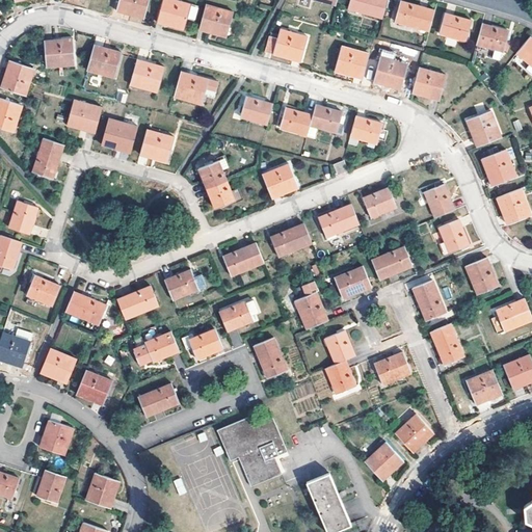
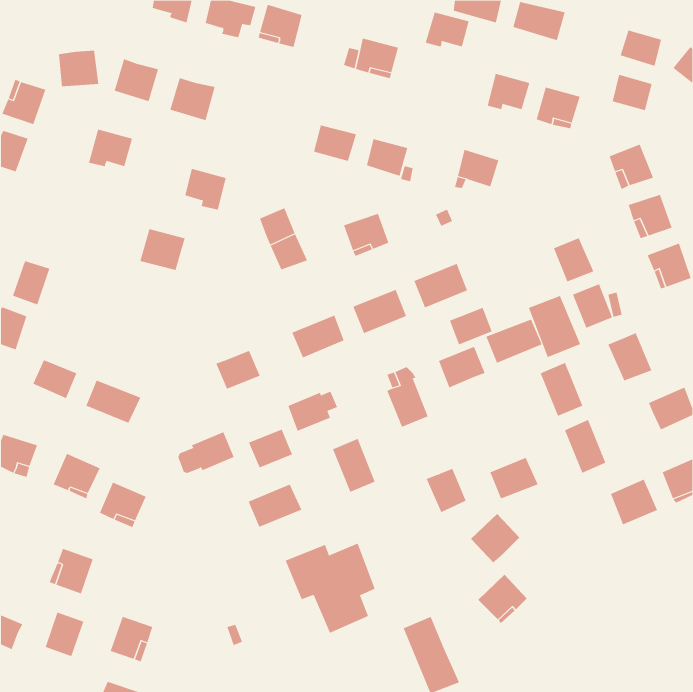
building: [437,14,469,42] -> [612,74,652,111]
building: [334,47,368,74] -> [425,12,469,47]
building: [175,72,218,108] -> none
building: [310,104,342,133] -> none
building: [102,119,137,152] -> [139,229,186,271]
building: [33,139,64,179] -> none
building: [363,187,396,216] -> [449,307,493,345]
building: none -> [528,295,581,358]
building: [118,287,159,319] -> none
building: [325,328,356,364] -> none
building: [139,383,181,417] -> [248,484,302,527]
building: [396,413,434,451] -> [470,513,520,563]

